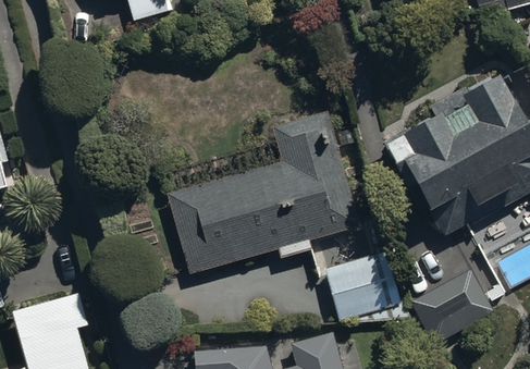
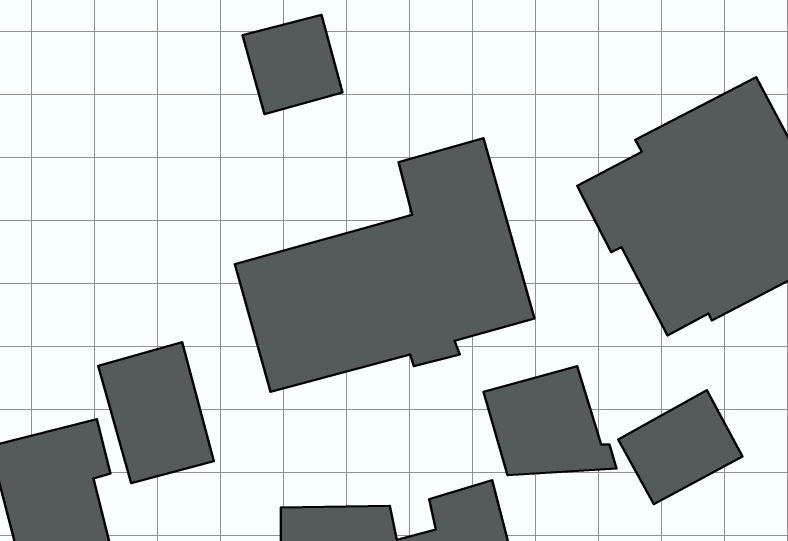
building: none -> [242,15,343,114]
building: none -> [98,342,214,483]

